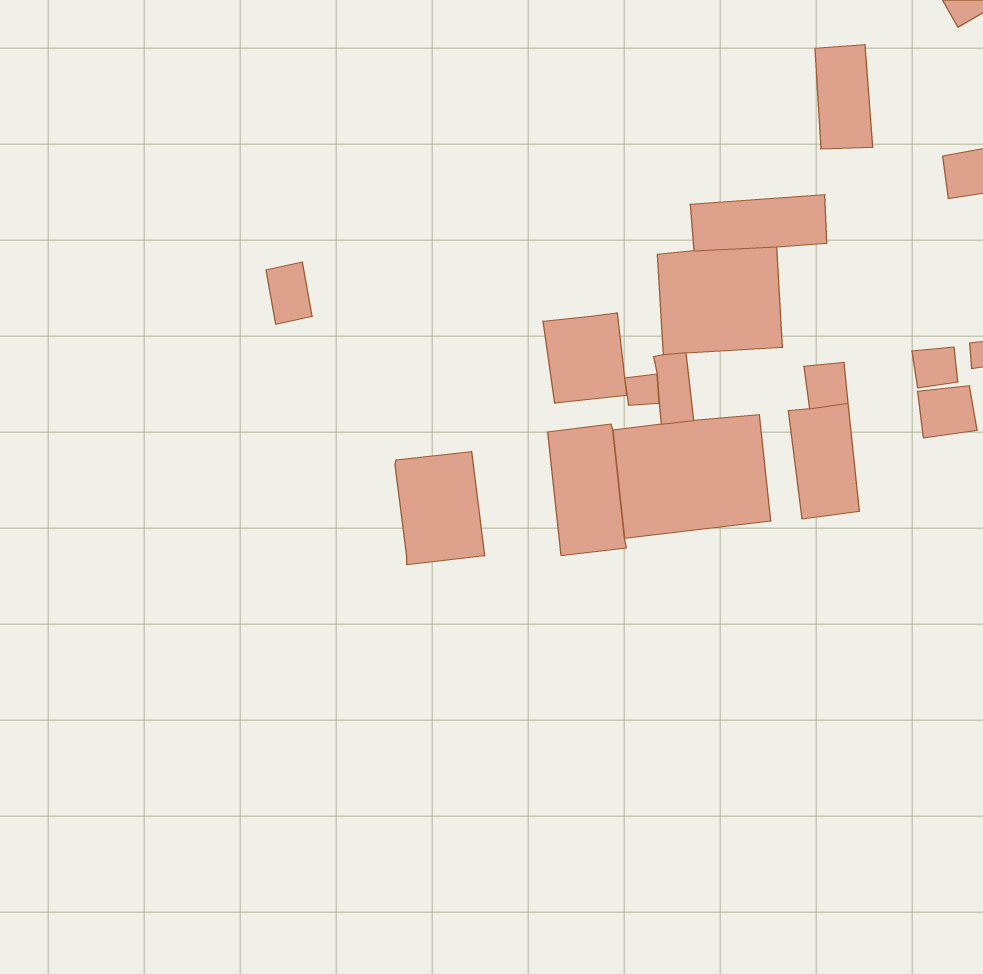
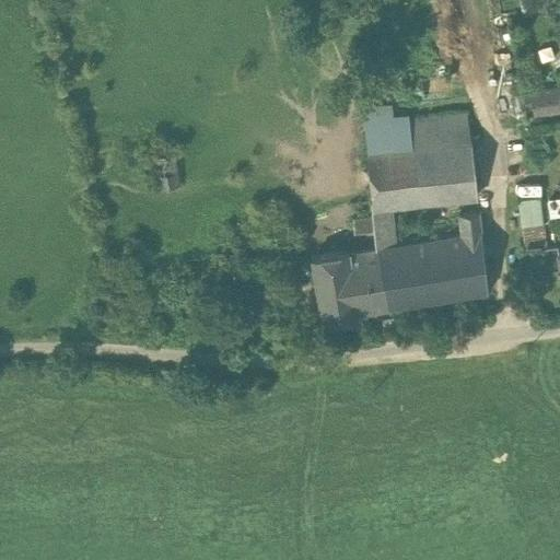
building: [815,45,873,149] -> [442,144,475,203]
building: none -> [371,103,395,151]
building: [543,313,626,403] -> none
building: none -> [432,240,456,302]
building: [395,451,484,565] -> none

